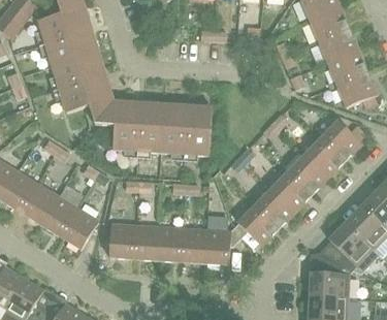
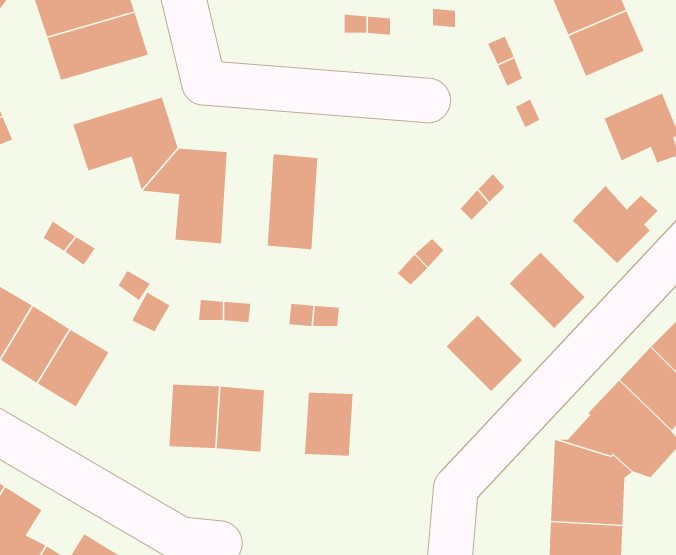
building: [327,49,367,84] -> none
building: [52,51,105,87] -> none
building: [136,101,163,151] -> none
building: [184,104,212,154] -> none
building: [303,137,344,178] -> none
building: [270,170,311,211] -> none
building: [203,203,278,263] -> none
building: [60,206,98,248] -> none
building: [157,226,182,260] -> none

